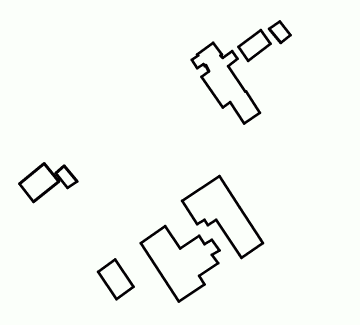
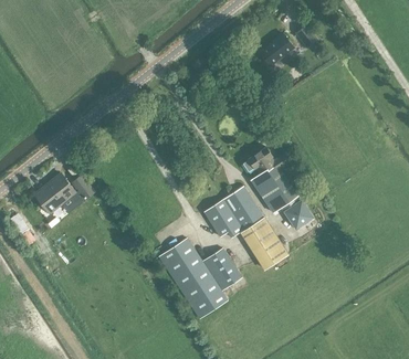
building: [192,43,260,123] -> [241,145,312,229]
building: [98,259,133,299] -> none

